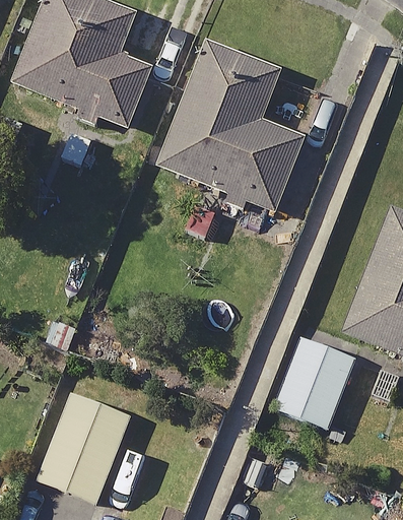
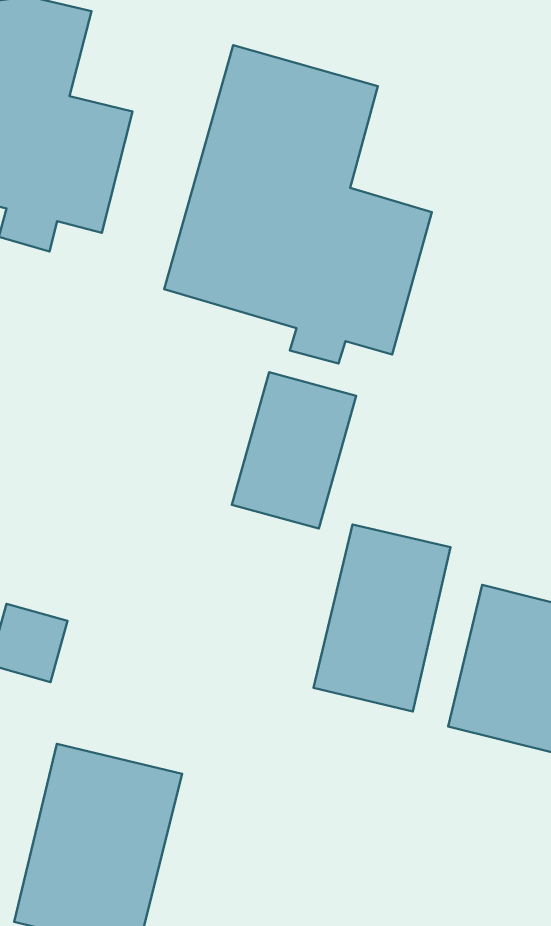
building: none -> [232,372,356,528]
building: none -> [313,524,451,712]

